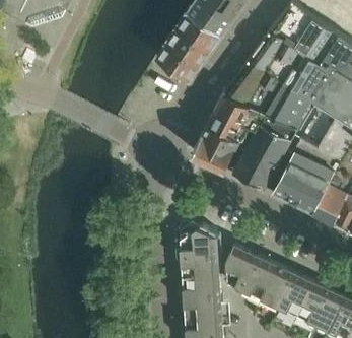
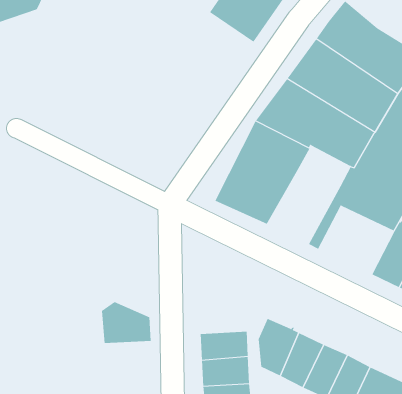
building: [155,11,222,82] -> none
building: [232,114,296,190] -> none
building: [272,160,330,213] -> none
building: [179,226,217,259] -> [101,301,151,344]

